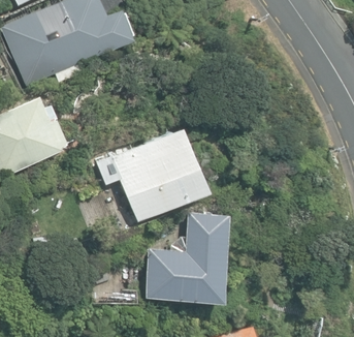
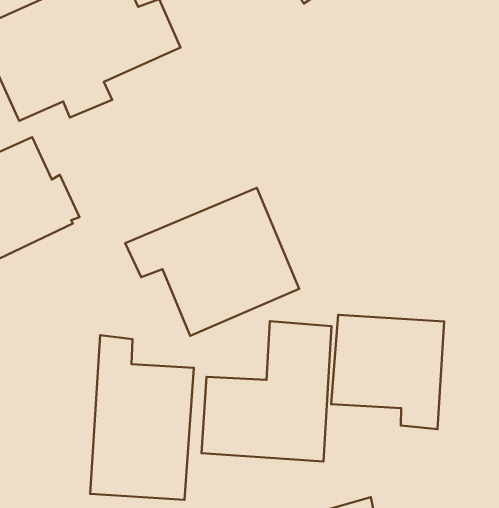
building: none -> [331,315,444,429]
building: none -> [90,335,194,500]

